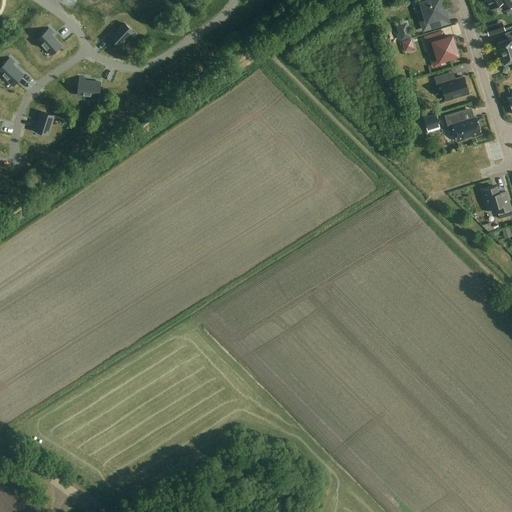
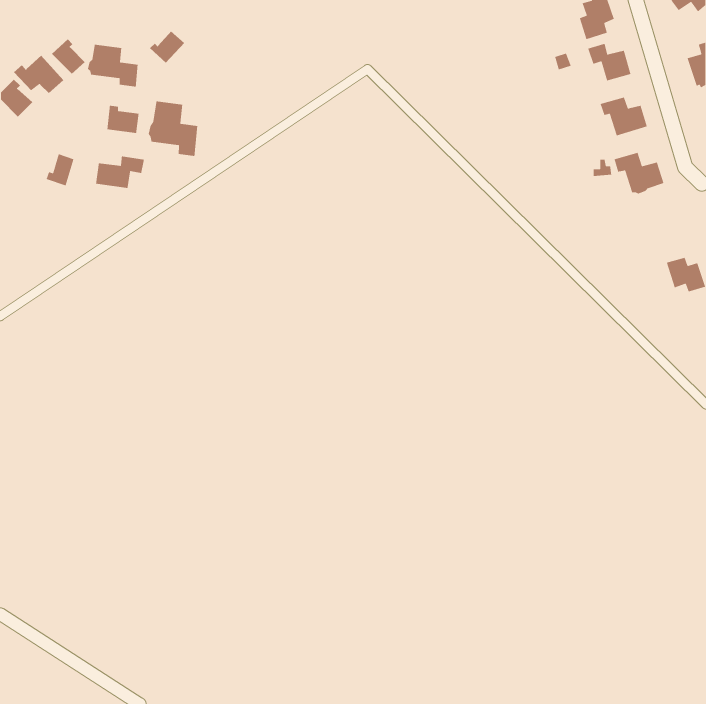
building: none -> [87,44,139,88]
building: none -> [13,55,64,94]
building: none -> [148,100,198,157]
building: none -> [95,155,145,189]

